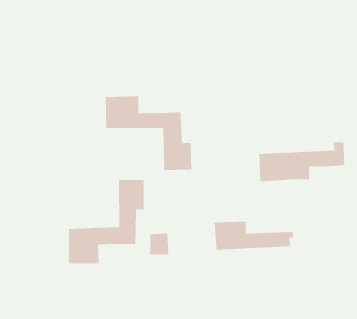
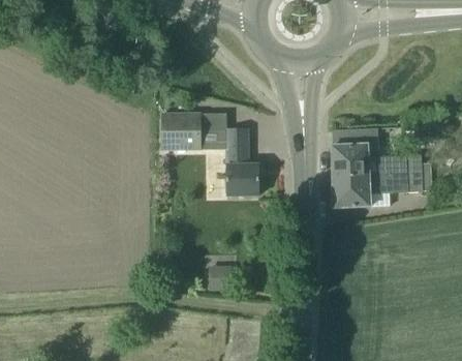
building: [69,179,144,264] -> none
building: [214,221,294,250] -> [331,144,420,176]

